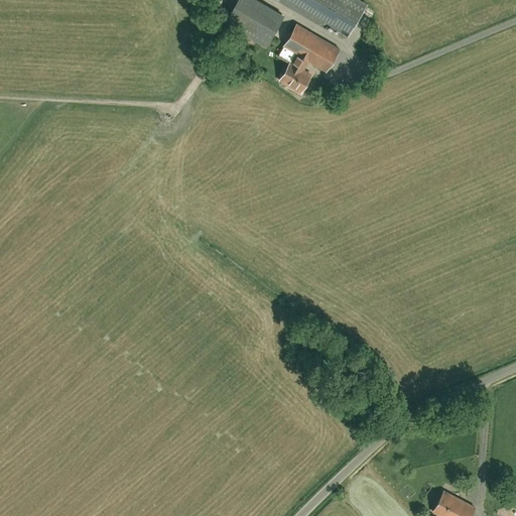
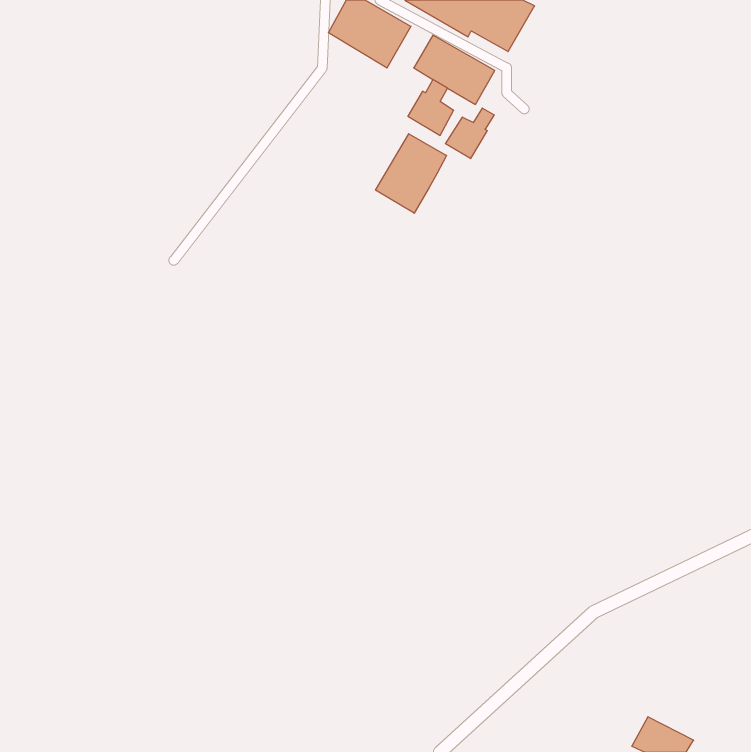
building: none -> [445,108,494,159]
building: none -> [375,134,447,213]

